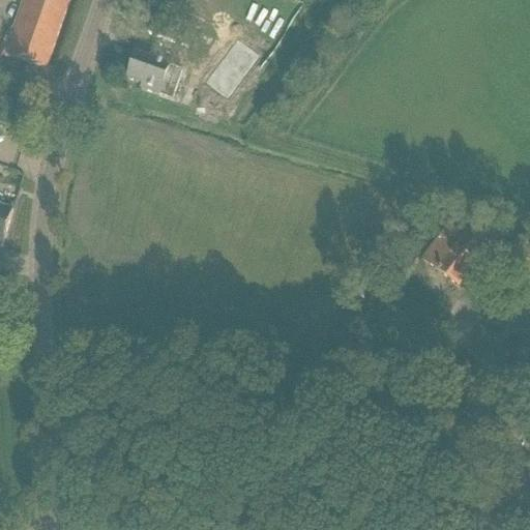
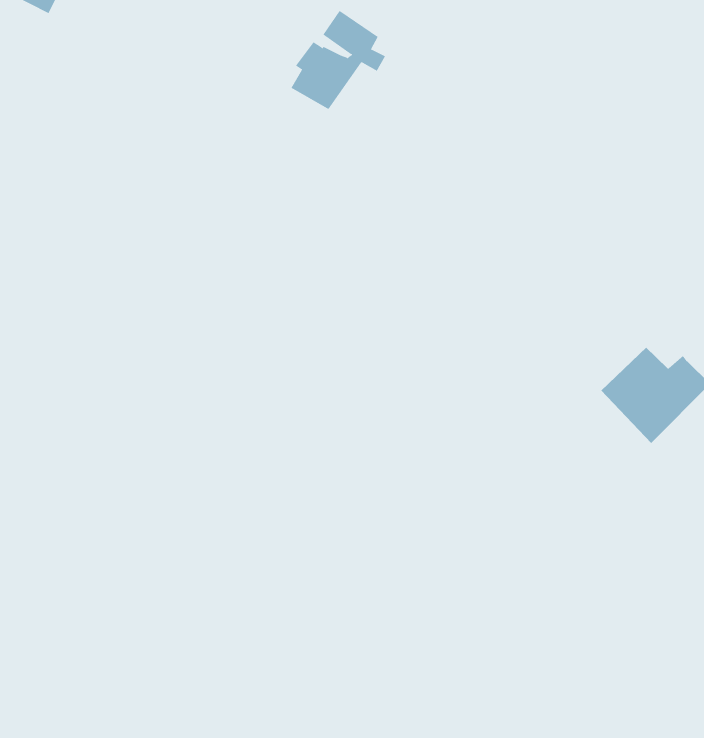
building: [126,49,198,101] -> none

